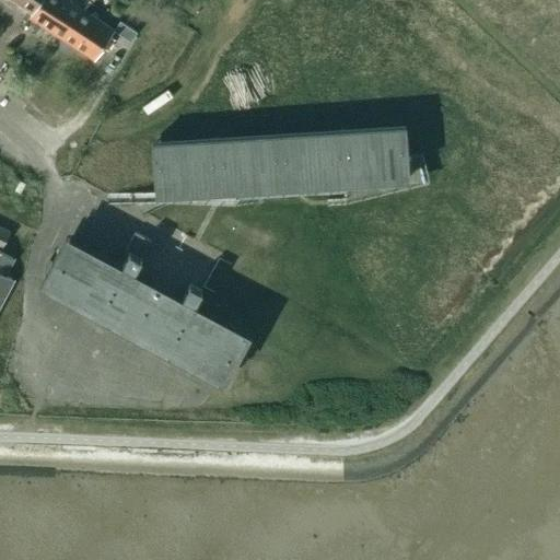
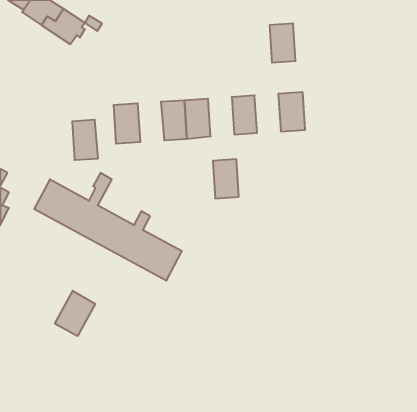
building: [341,132,376,185] -> [270,23,296,63]
building: [279,137,314,189] -> [213,159,239,198]
building: [185,143,220,197] -> [72,120,98,160]
building: none -> [55,291,95,336]

